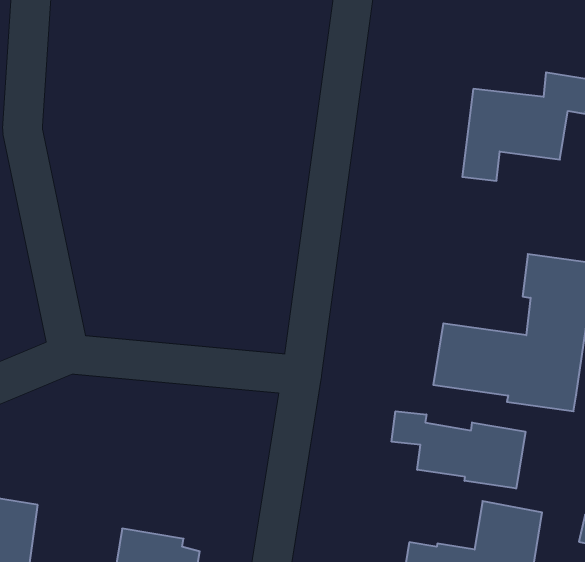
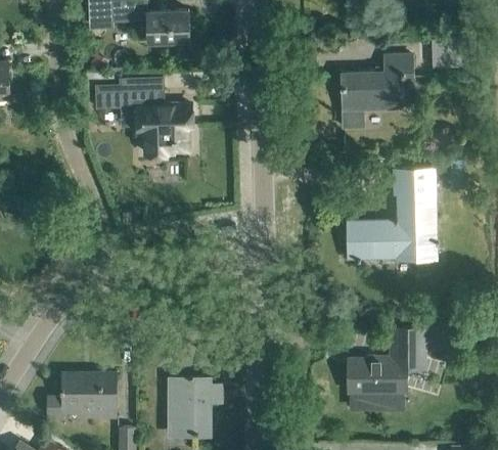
building: none -> [95,77,191,154]
building: [392,411,525,489] -> none

